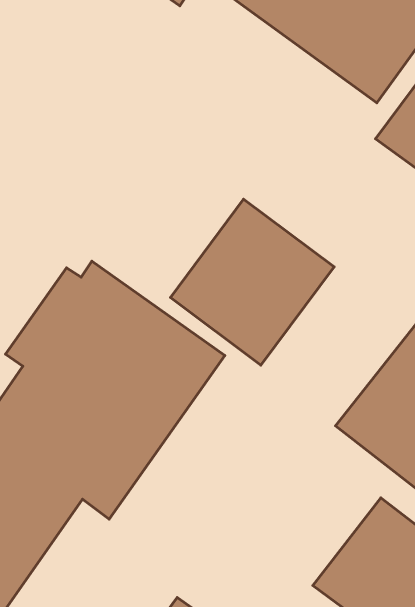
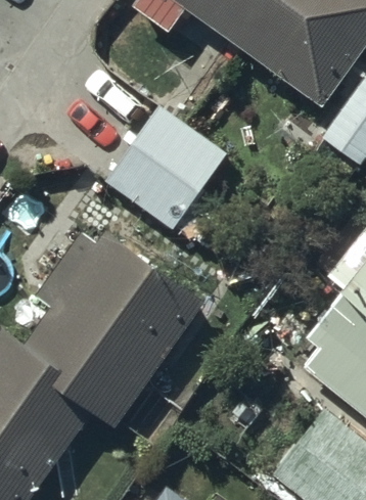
building: [170,199,334,365] -> [101,104,227,232]

